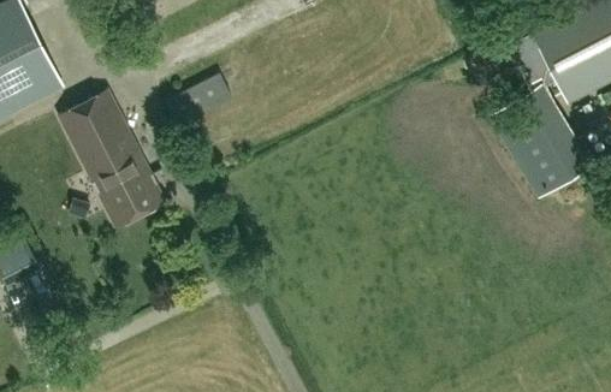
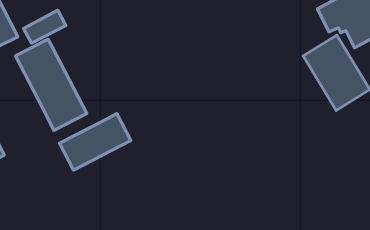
building: [168,76,232,125] -> [23,10,66,43]
building: none -> [59,114,131,170]

